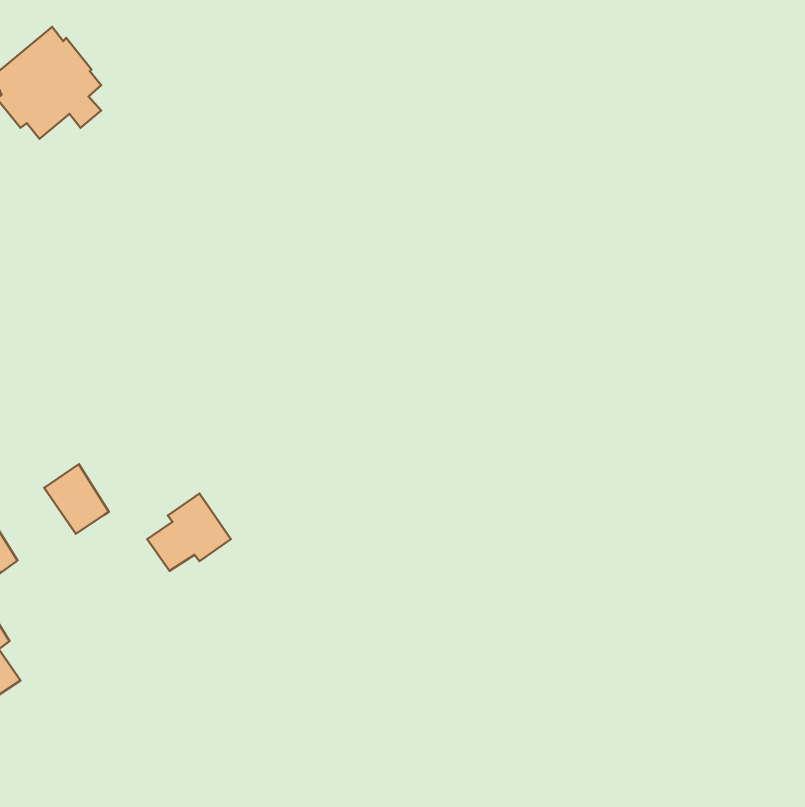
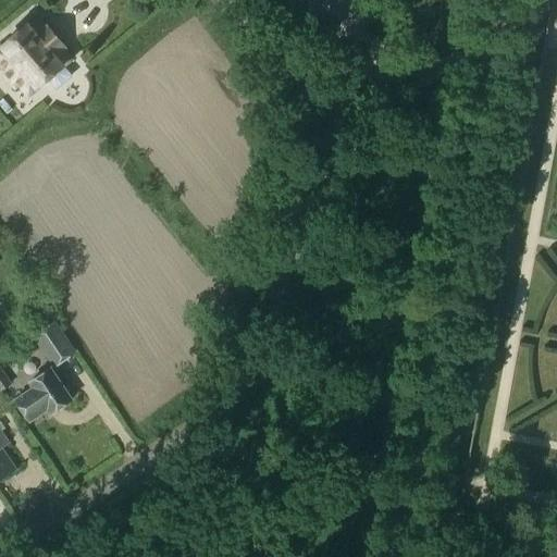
building: [147,493,231,571] -> [14,368,72,421]

